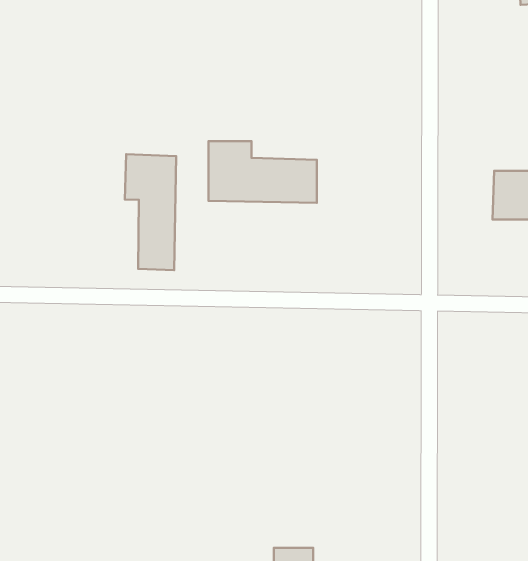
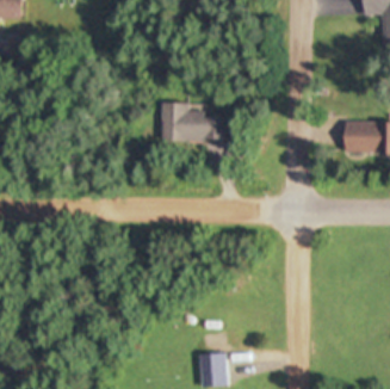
building: [125,154,176,270] -> none

